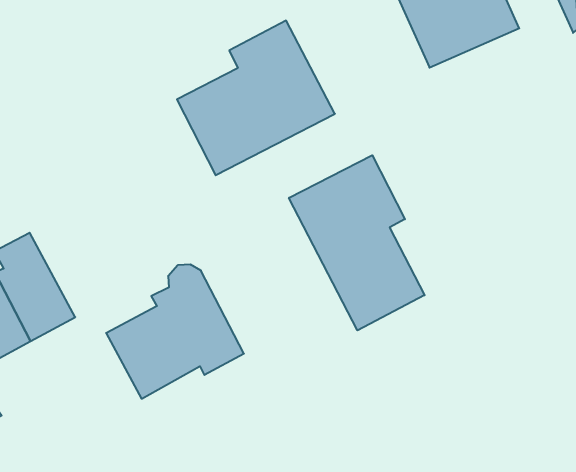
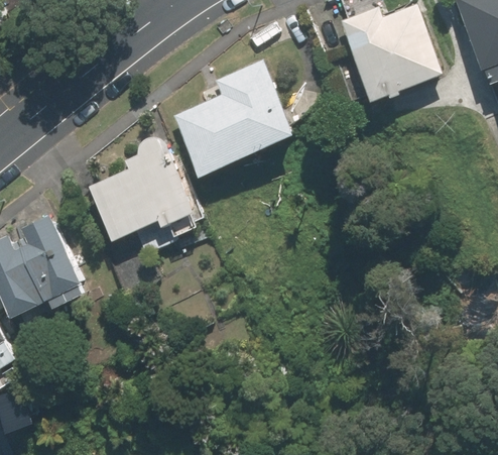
building: [289,155,425,330] -> none
building: [106,265,244,399] -> [86,138,194,242]

